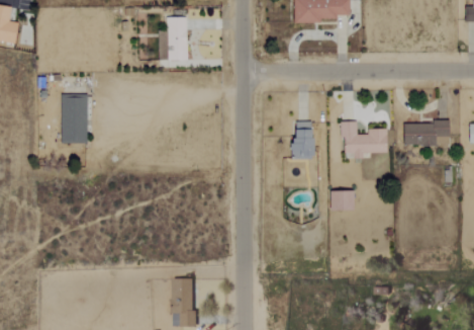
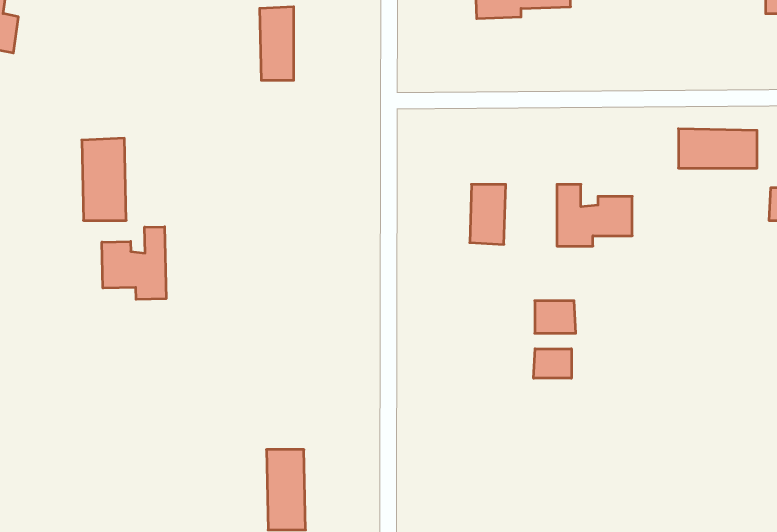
building: [403,121,450,145] -> [678,129,757,168]
building: none -> [102,227,166,299]
building: none -> [534,349,571,378]

